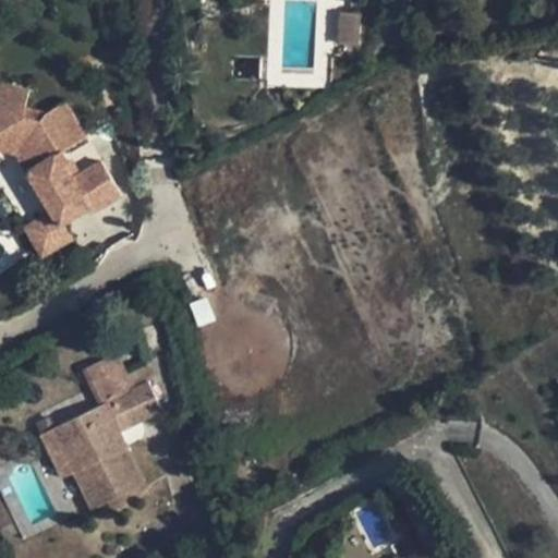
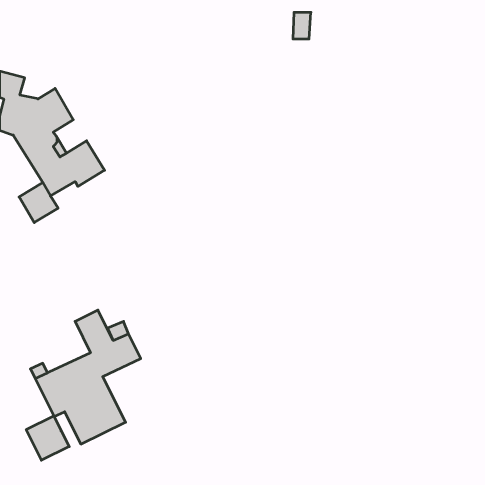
building: none -> [26,416,69,460]

